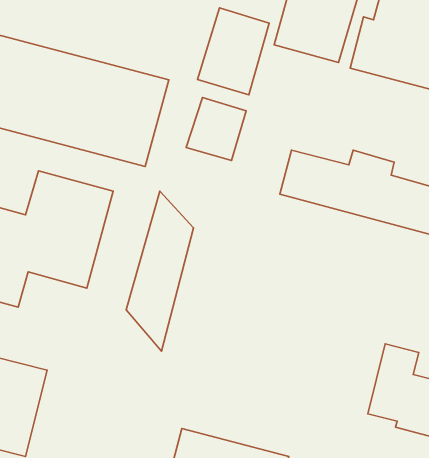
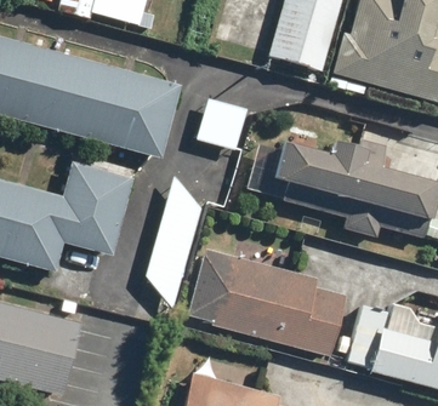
building: [197,8,269,95] -> none
building: none -> [211,255,346,355]

